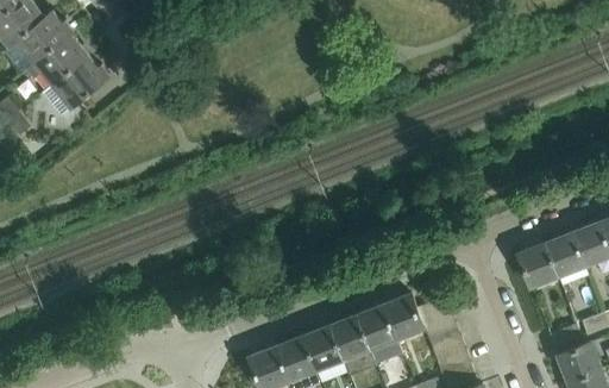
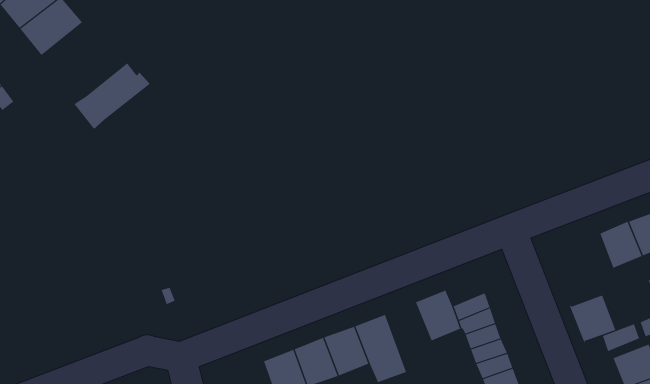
building: [42,57,109,117] -> [74,62,150,130]
building: [516,242,558,287] -> [569,293,616,344]
building: [357,305,403,367] -> none

